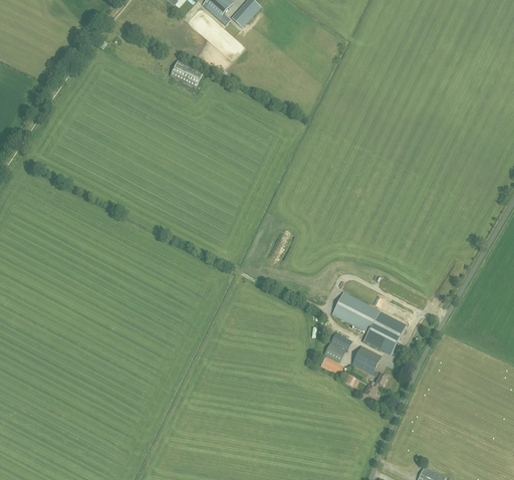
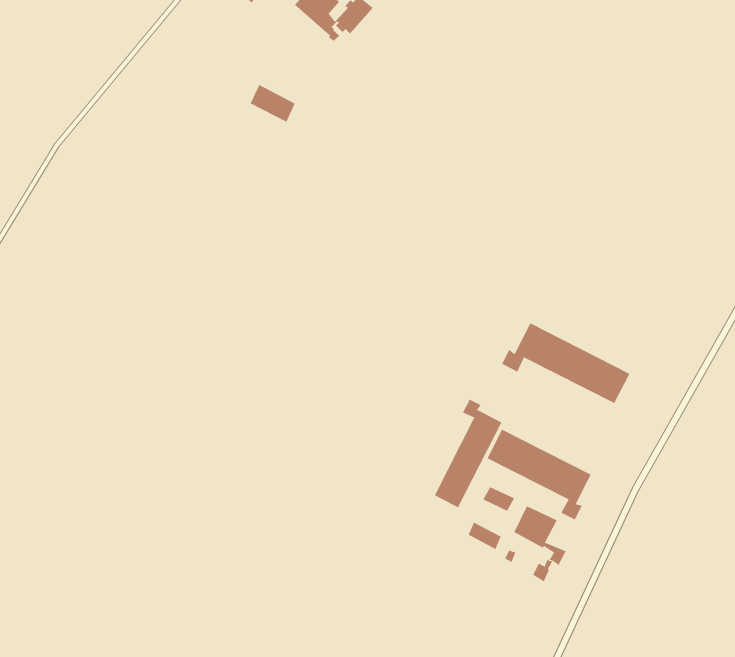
building: none -> [501,323,630,404]
building: none -> [434,399,502,508]

